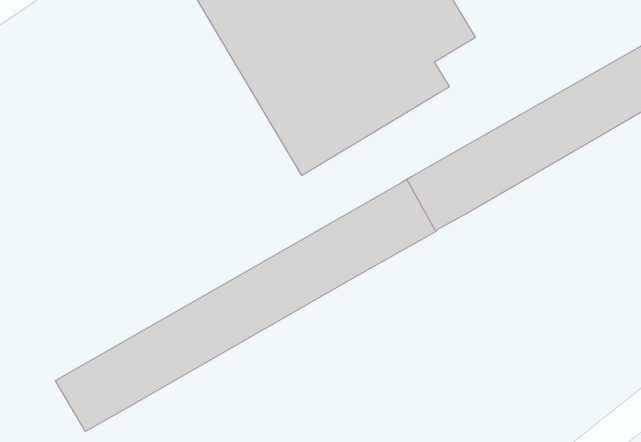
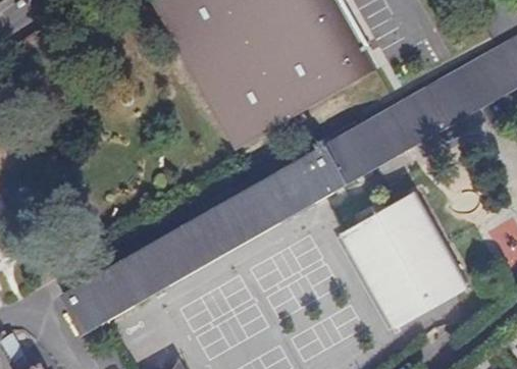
building: none -> [340,191,467,327]

